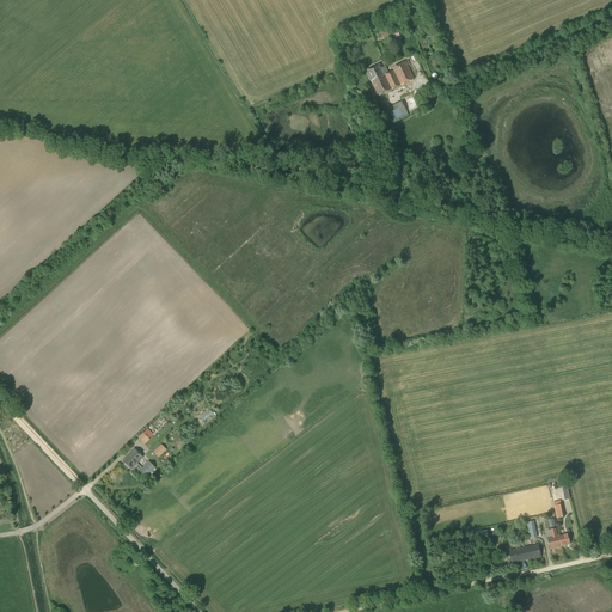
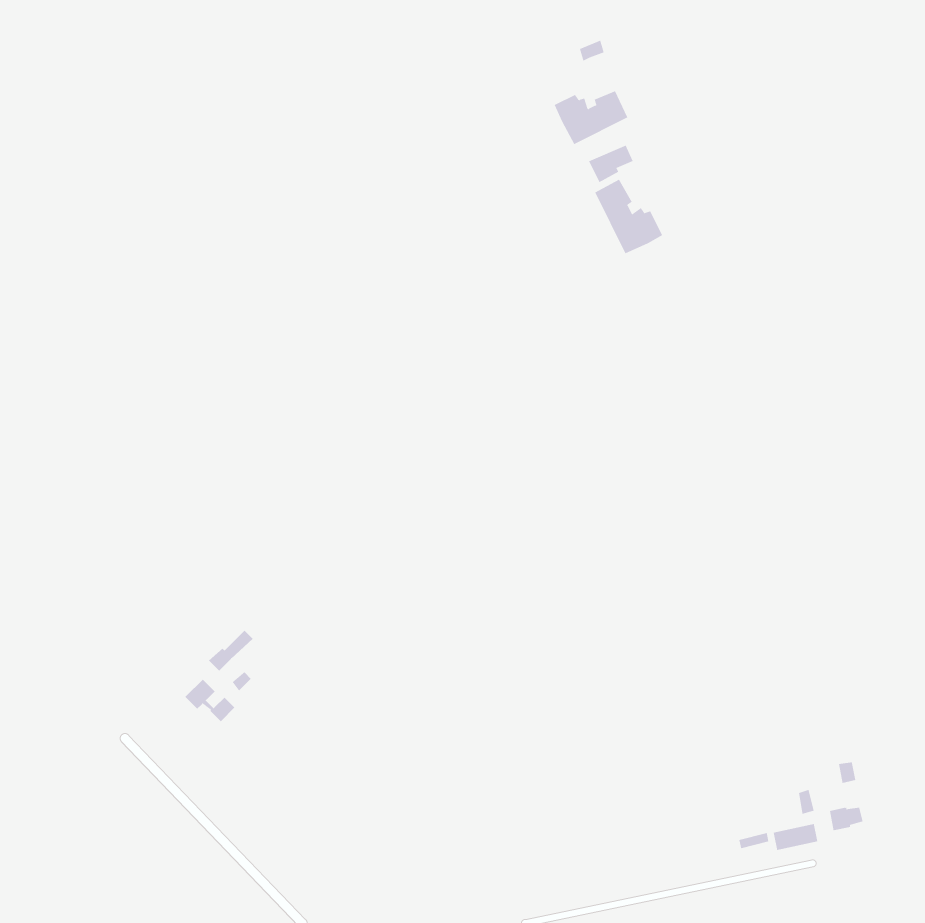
building: none -> [594,179,663,254]

